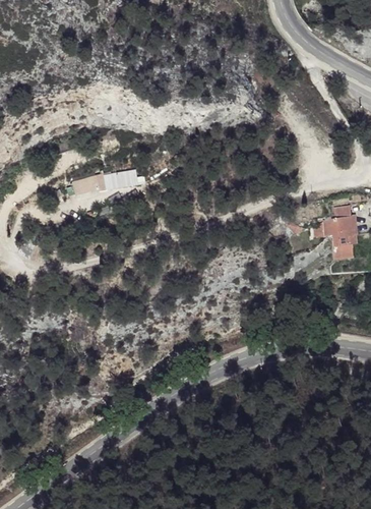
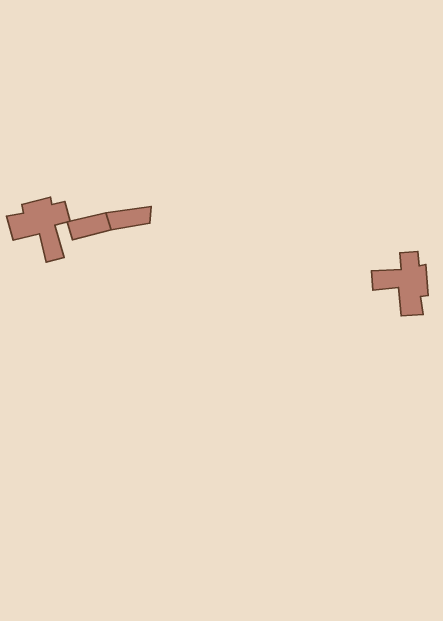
building: none -> [6,197,70,262]

